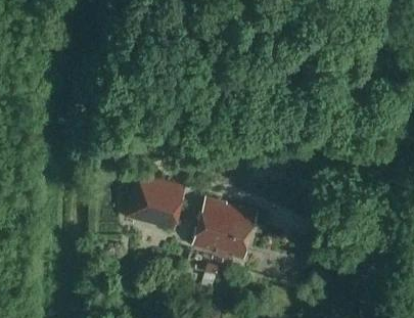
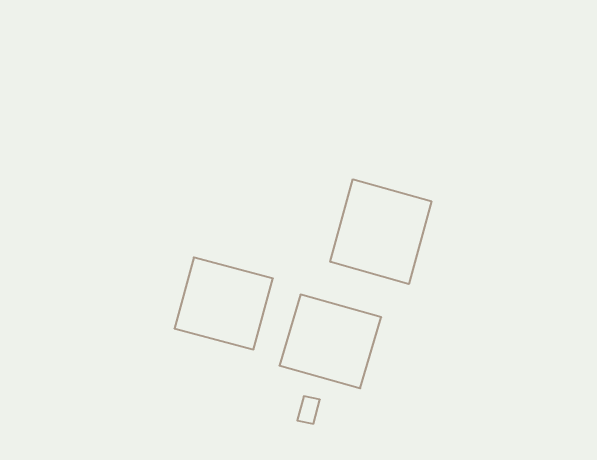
building: none -> [330,179,431,284]

